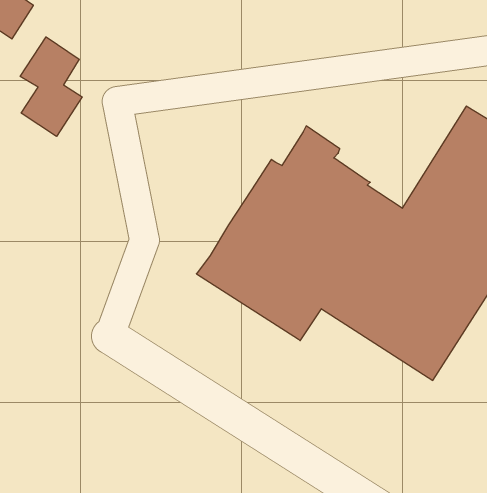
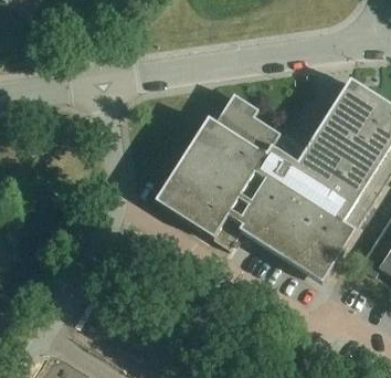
building: [20,37,82,136] -> none

